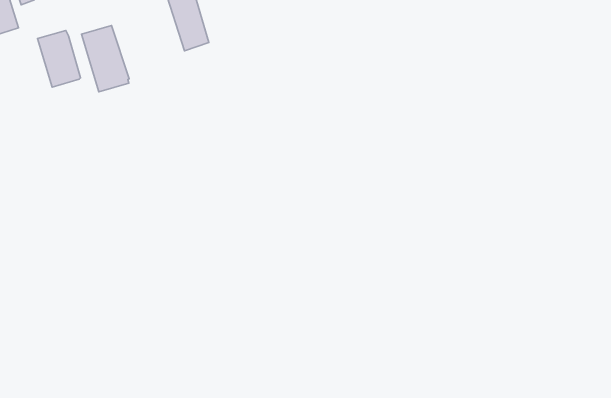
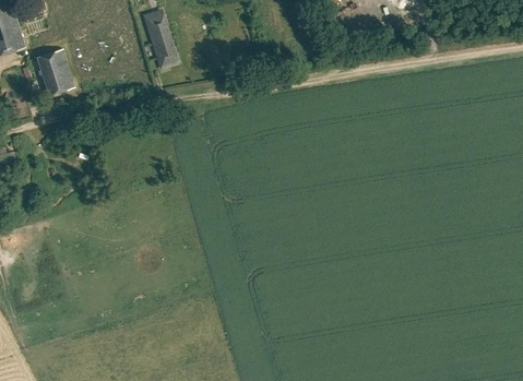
building: [81,26,129,92] -> none

